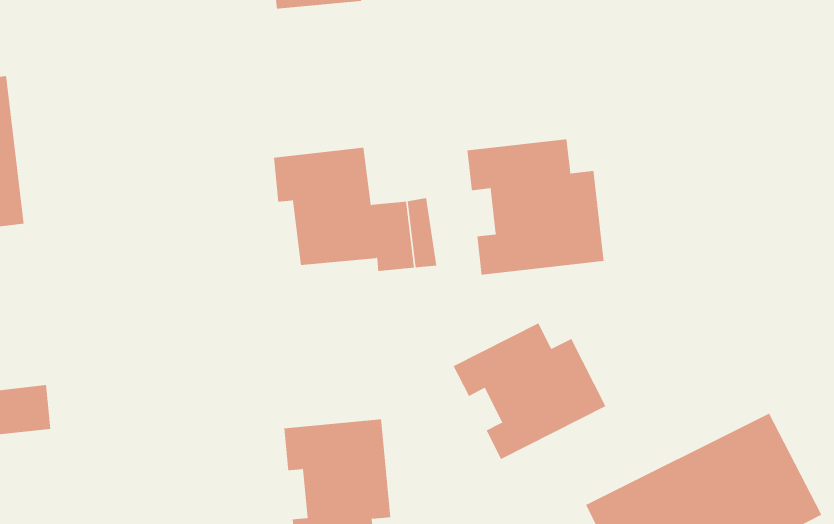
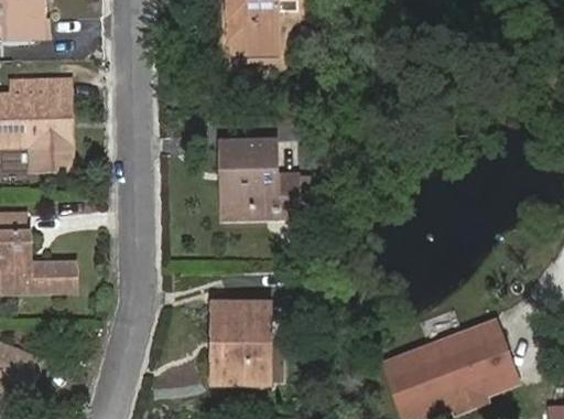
building: [467,138,604,275] -> none
building: [453,322,606,460] -> none

